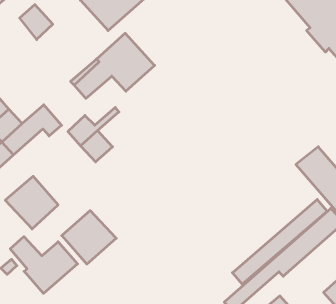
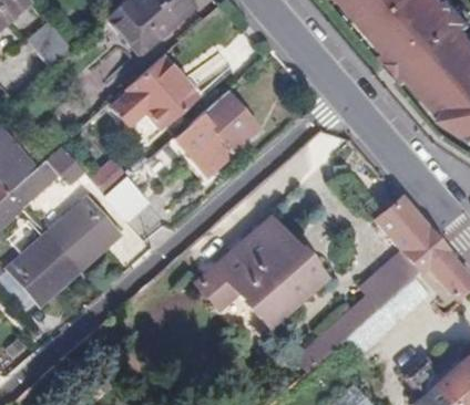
building: none -> [173,94,254,176]
building: none -> [194,218,321,326]
building: [62,211,116,264] -> [45,205,113,271]
building: [10,237,78,293] -> none

